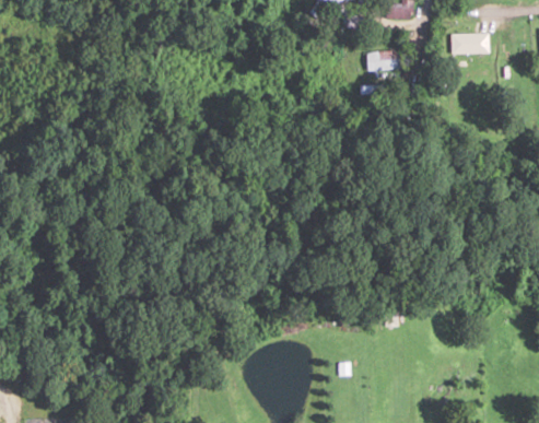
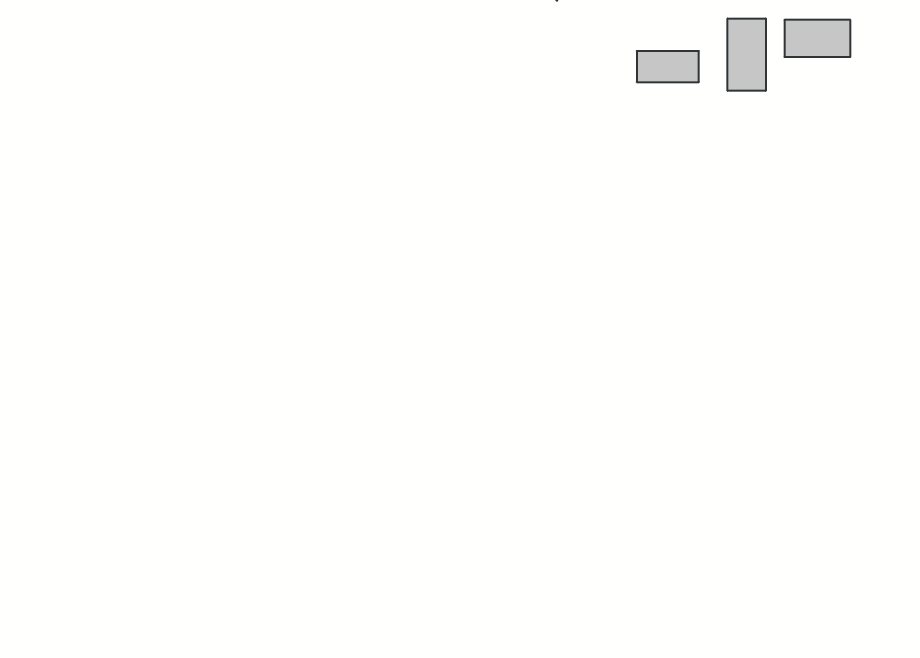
building: none -> [728,18,766,91]

